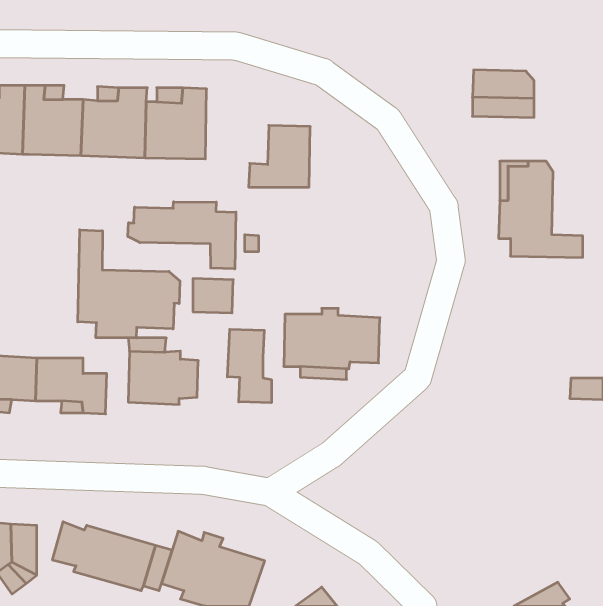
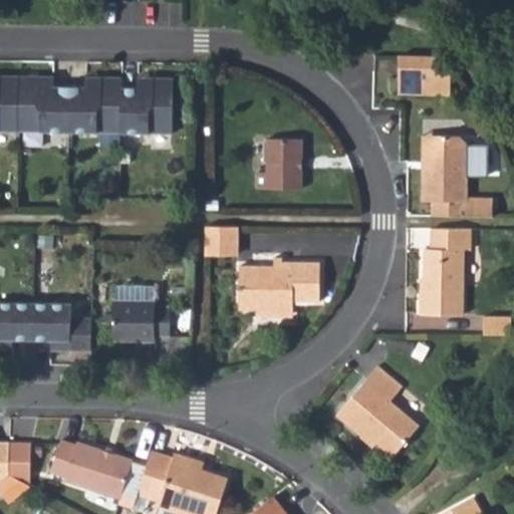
building: [249,125,310,187] -> [252,134,304,186]
building: [128,202,236,269] -> none
building: [78,230,180,338] -> none
building: none -> [416,231,470,314]
building: [193,279,233,313] -> [206,227,240,256]
building: [227,329,271,403] -> none
building: none -> [330,366,414,453]

